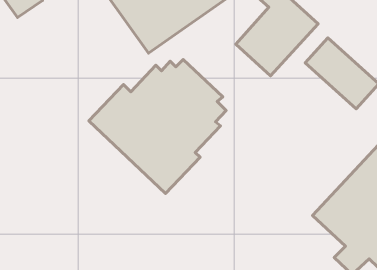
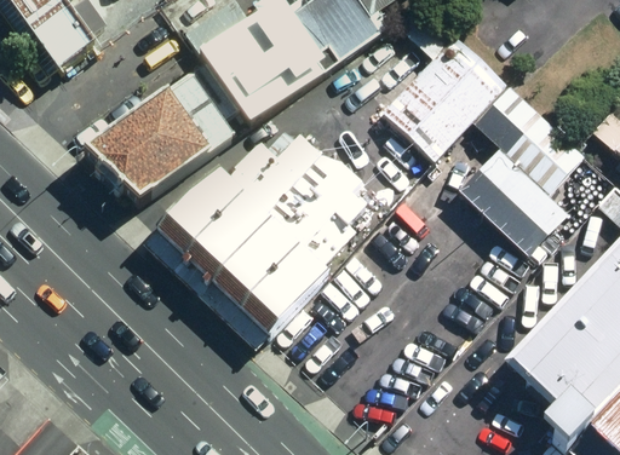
building: none -> [80,68,236,195]
building: none -> [466,162,578,272]

